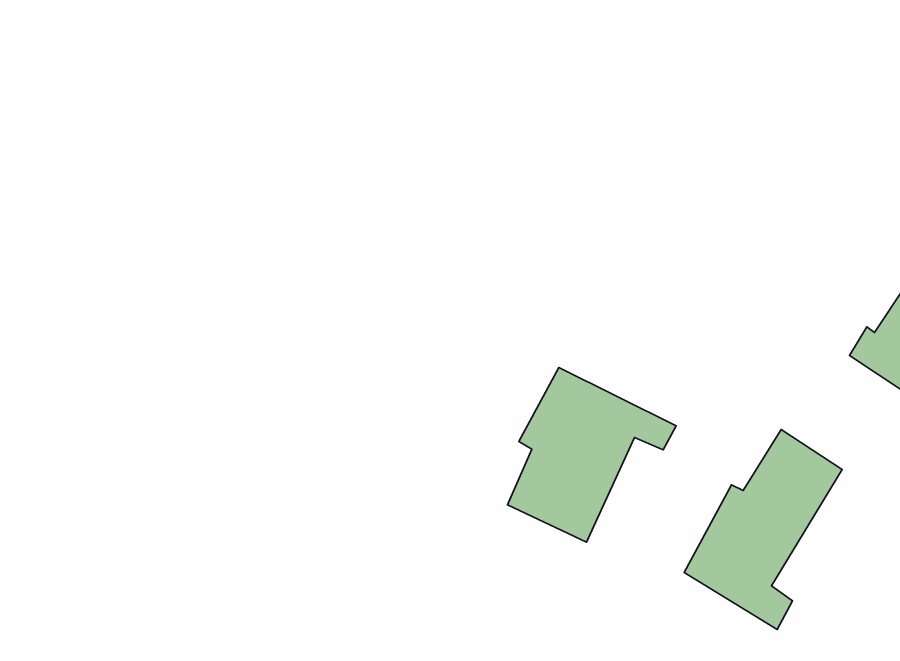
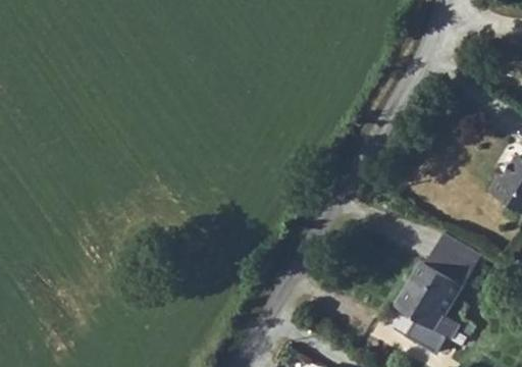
building: [508,368,676,542] -> none

